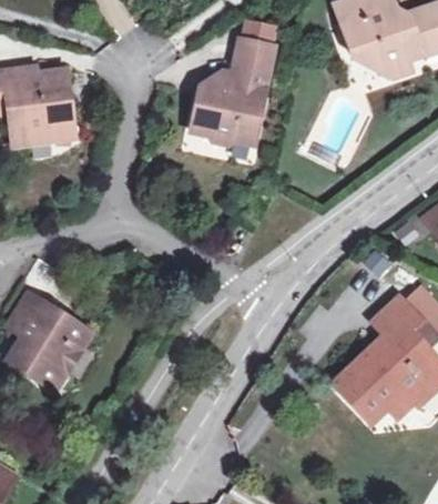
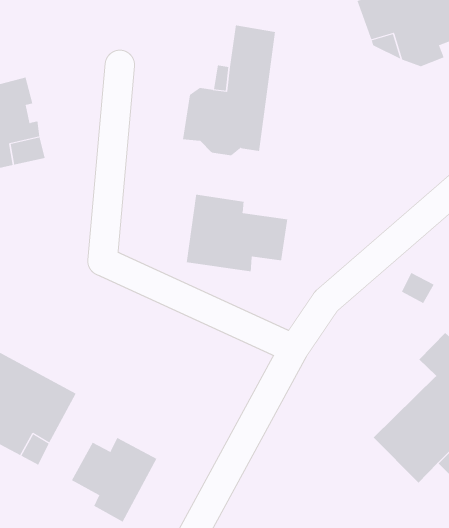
building: none -> [186,194,288,272]
building: none -> [71,437,157,522]

